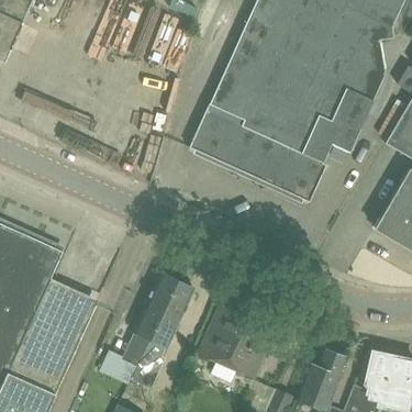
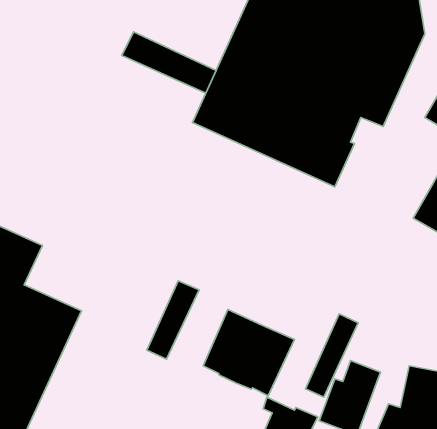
building: none -> [122,32,216,93]
building: [99,272,177,385] -> none
building: none -> [306,314,358,397]

